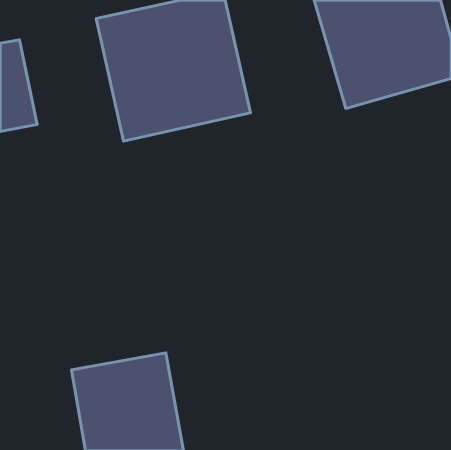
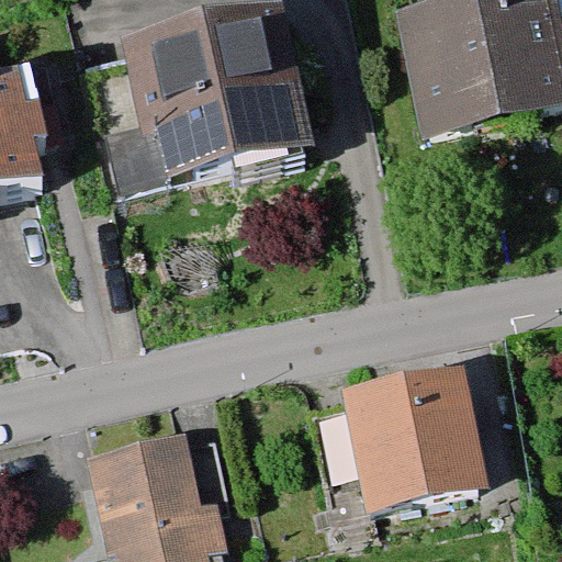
building: none -> [334,360,490,509]

